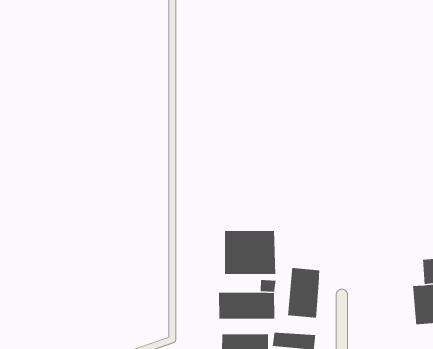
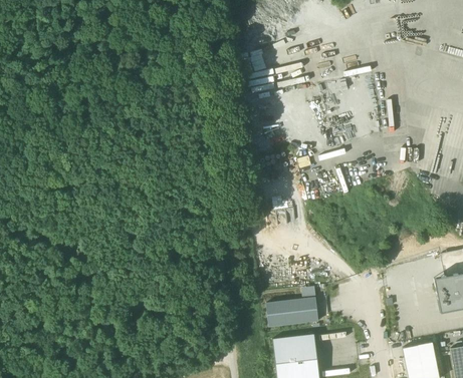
building: [224,230,276,275] -> none
building: [287,267,320,319] -> none

